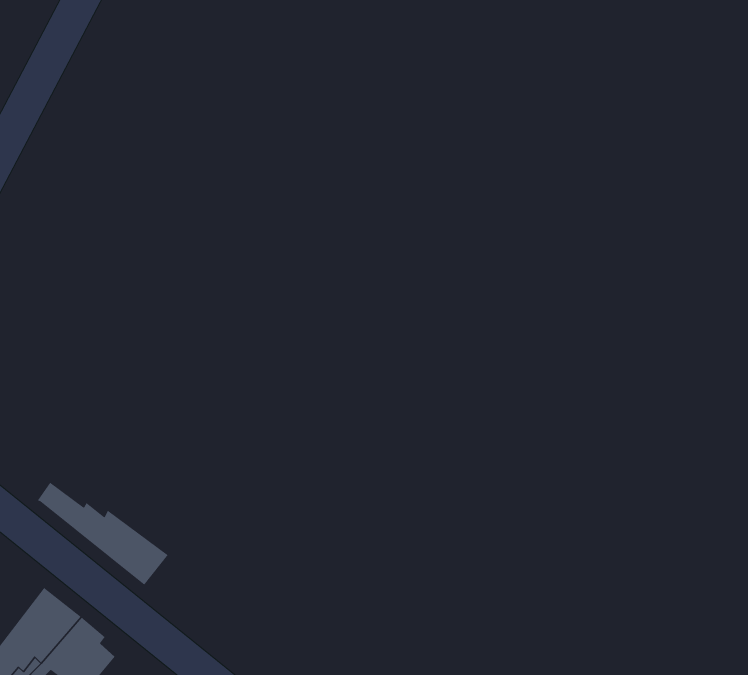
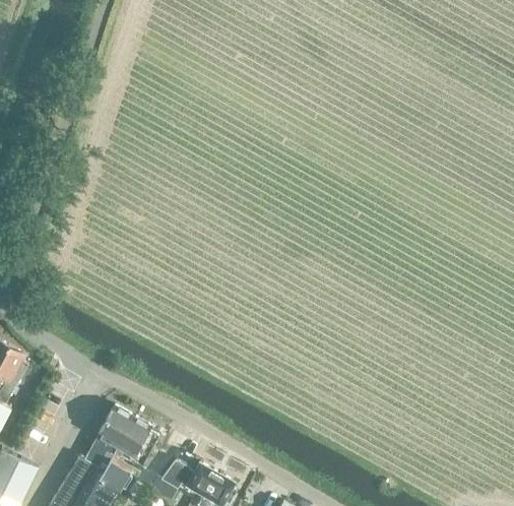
building: [37,482,168,586] -> none

